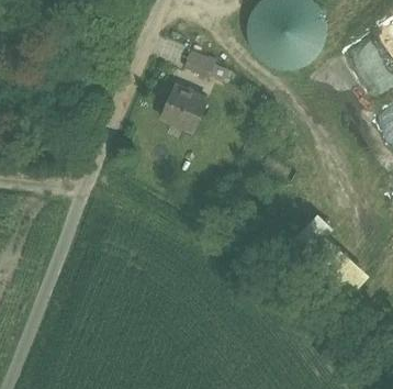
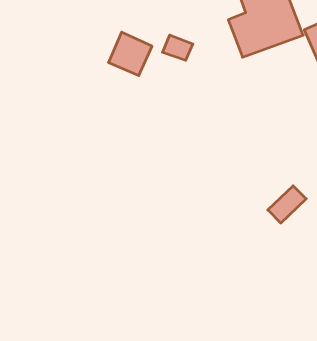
building: [156,85,203,132] -> [108,32,152,76]

